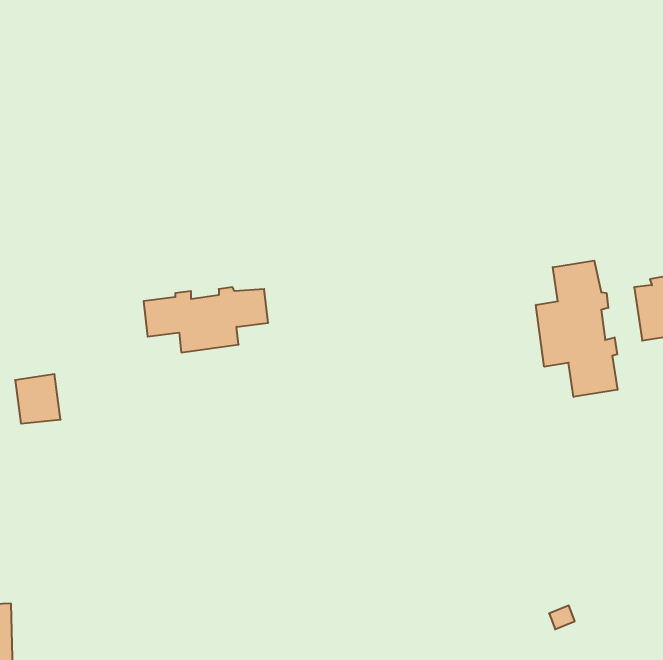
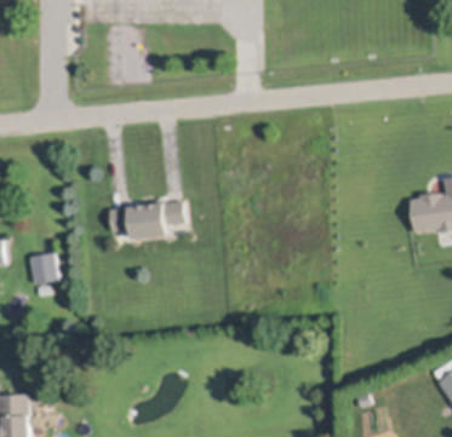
building: [536,261,617,397] -> none

